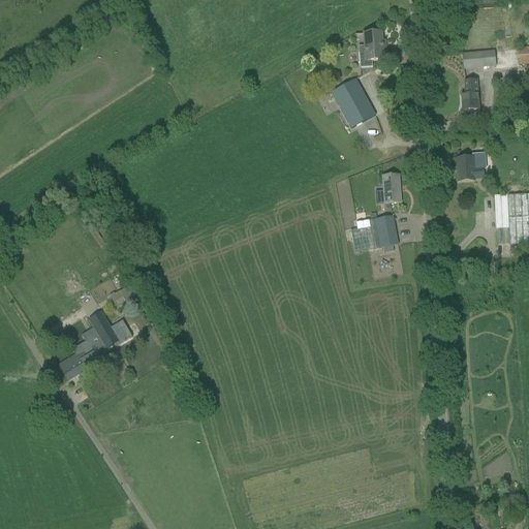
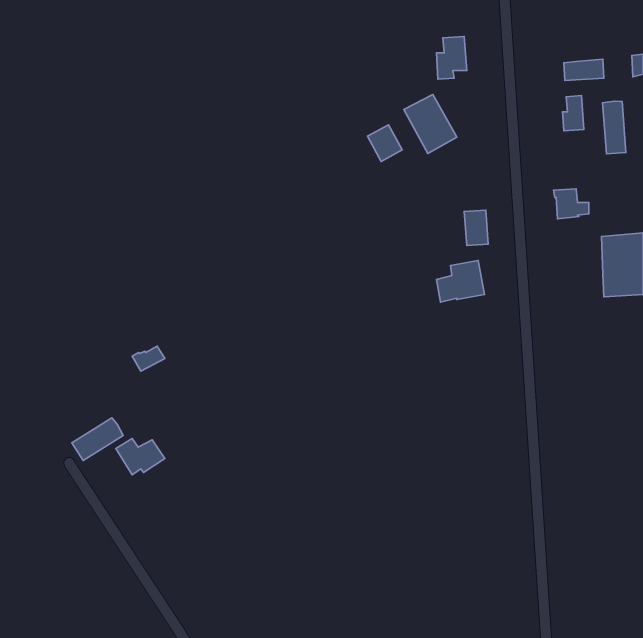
building: none -> [603,101,626,154]
building: none -> [367,125,402,162]
building: [93,317,133,347] -> [116,438,165,475]

